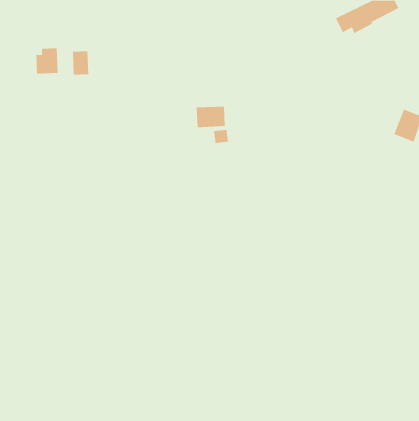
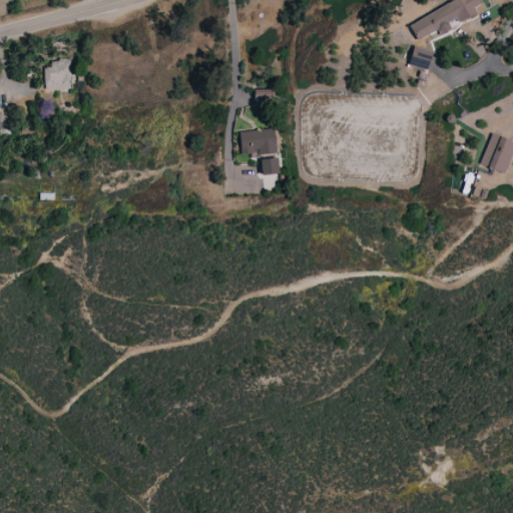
building: none -> [410,45,435,70]
building: [73,51,89,75] -> none

